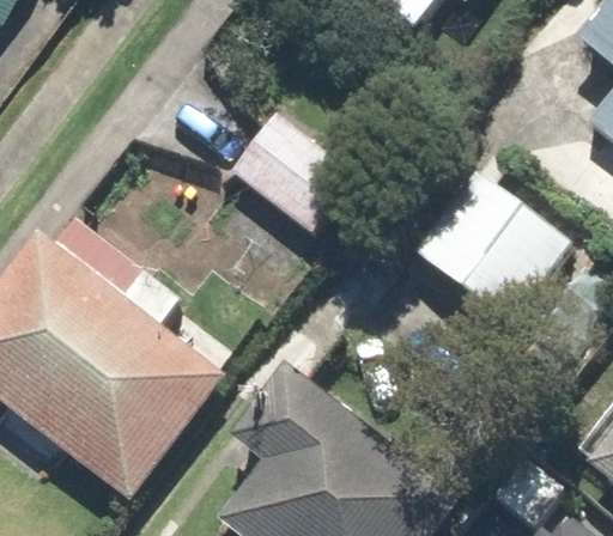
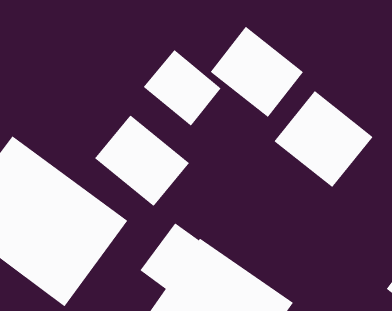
building: none -> [210,26,304,118]
building: none -> [94,114,190,207]

